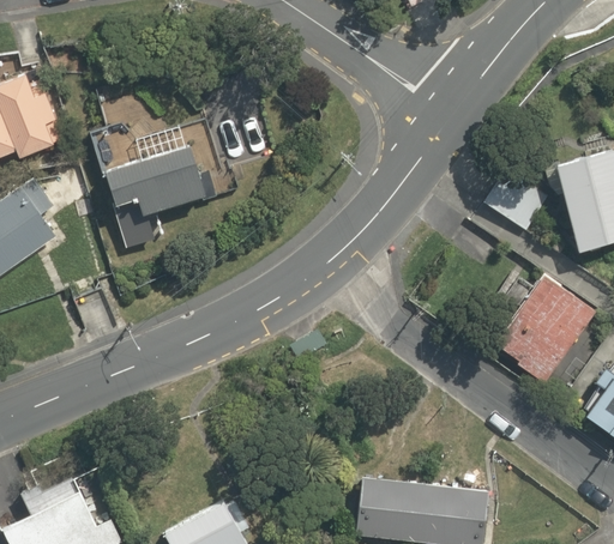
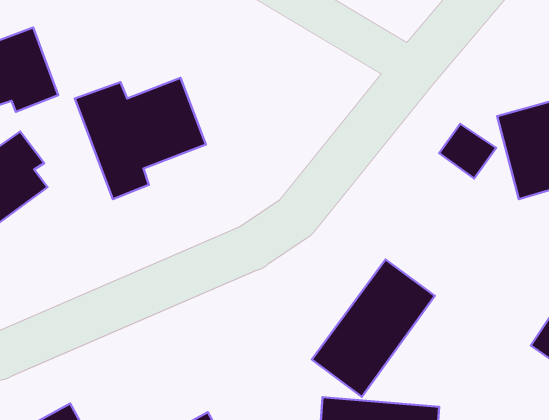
building: [489,270,598,394] -> none
building: none -> [312,259,435,397]

